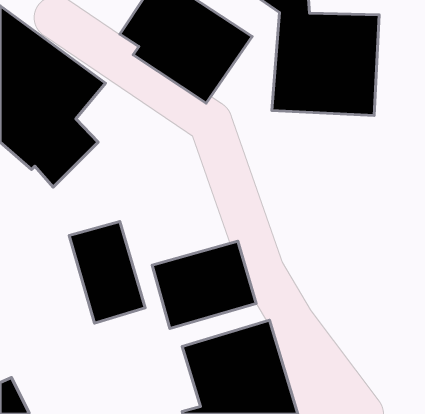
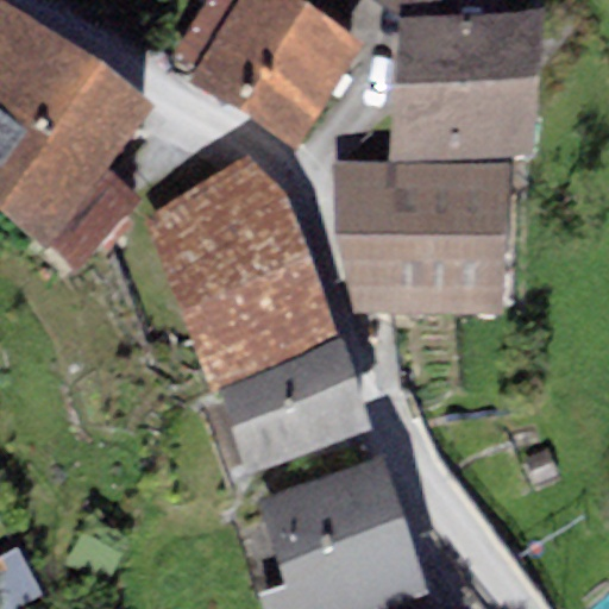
building: none -> [143,155,337,378]
building: none -> [333,157,508,322]
building: [69,221,145,323] -> none

